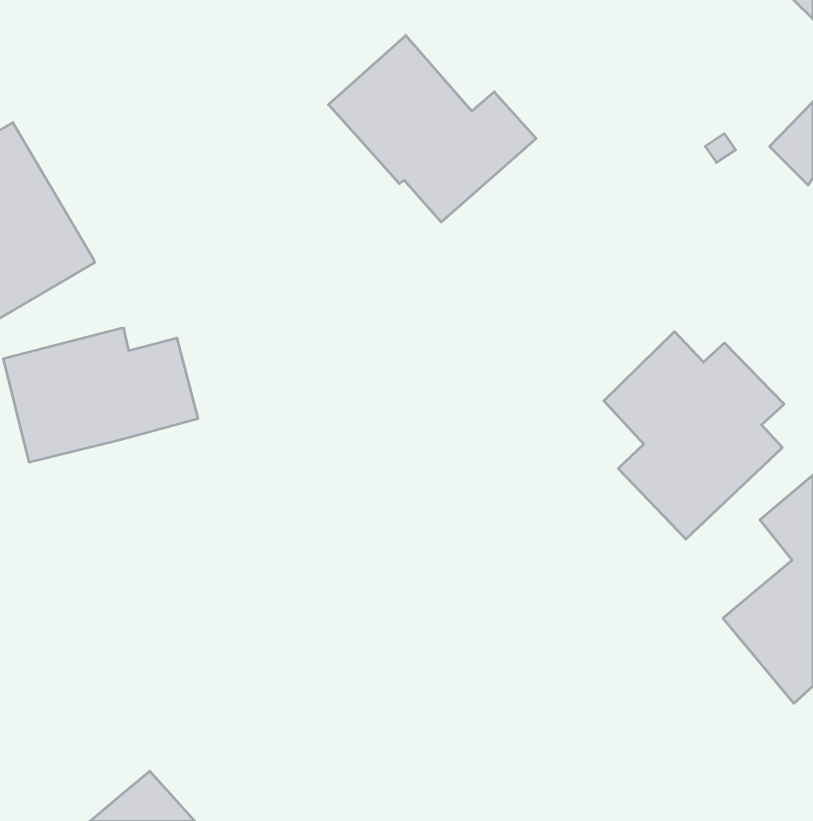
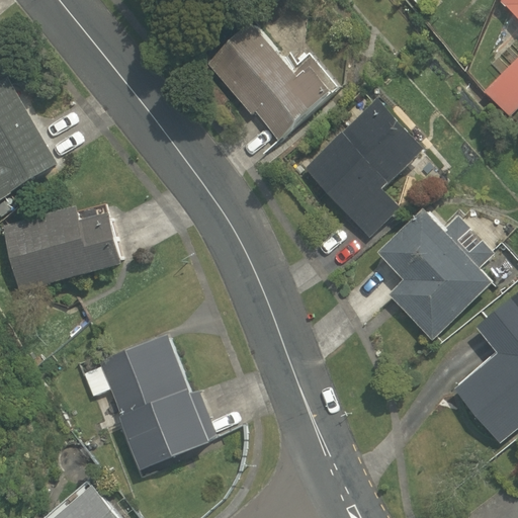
building: none -> [306,99,427,237]
building: none -> [81,333,212,468]

